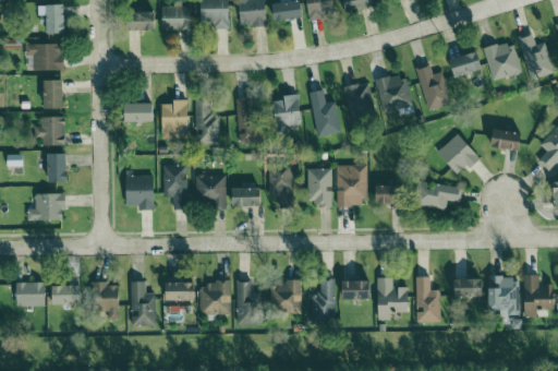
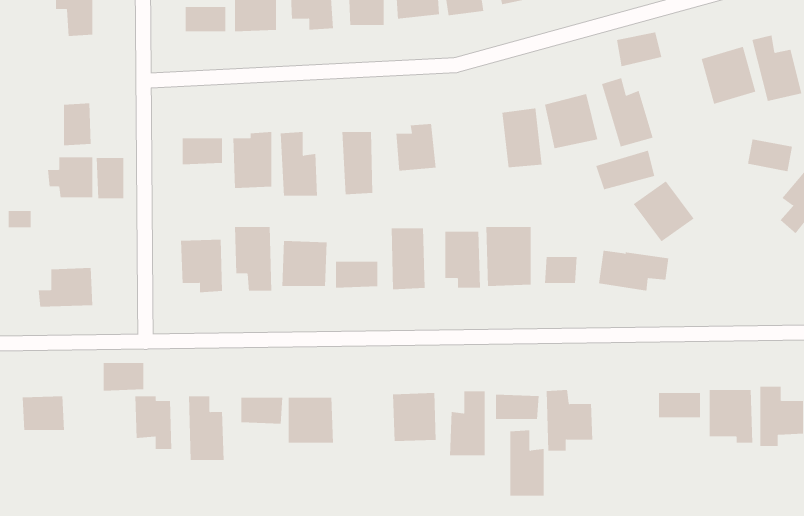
building: [24,44,61,71] -> none
building: [450,52,482,76] -> [616,32,662,67]
building: [308,91,340,136] -> none
building: none -> [595,150,655,190]
building: [490,129,522,152] -> [747,139,793,172]
building: [47,154,66,182] -> [96,158,124,199]
building: [415,276,439,322] -> [510,430,544,496]
building: [235,282,258,324] -> none
building: [52,286,81,306] -> [103,363,144,391]

